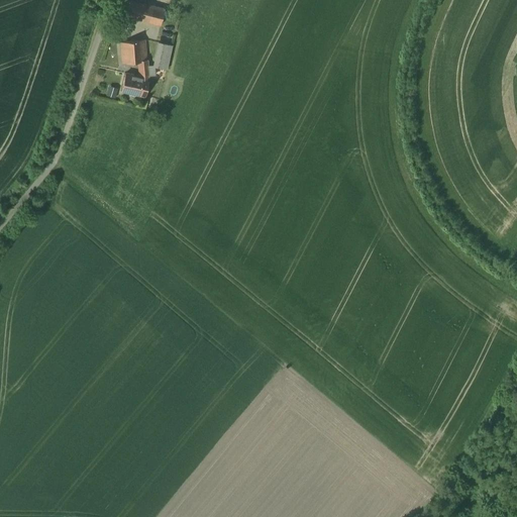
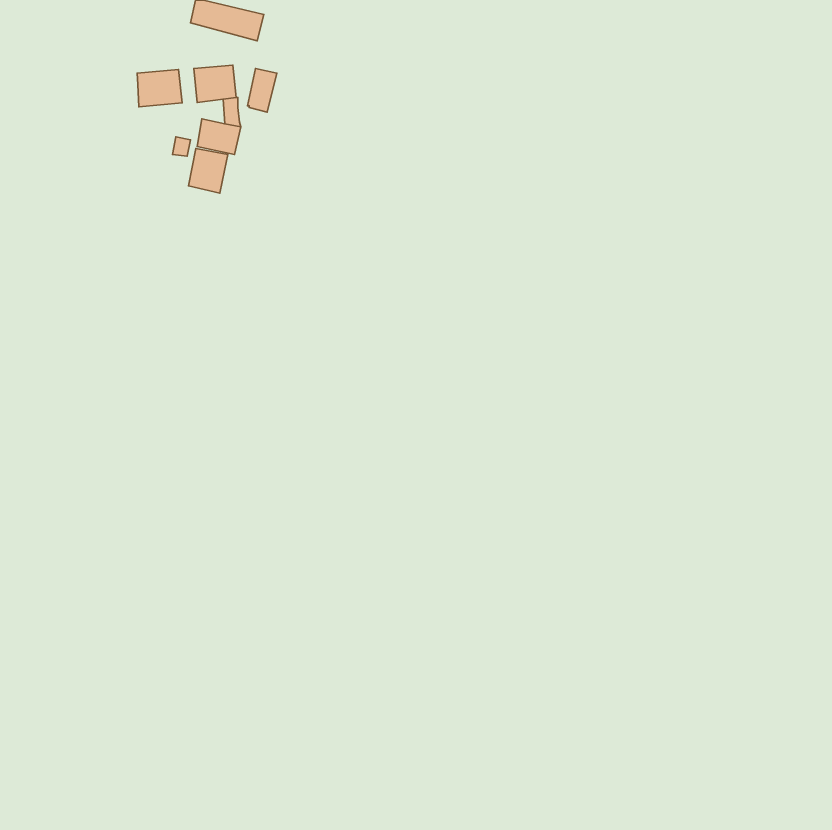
building: none -> [137,69,182,107]
building: none -> [188,149,228,193]

